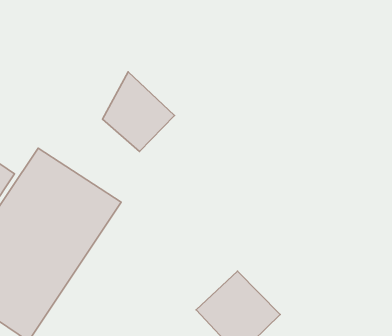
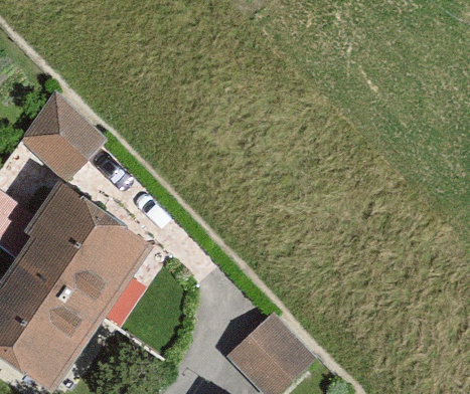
building: [102,72,174,151] -> [24,92,101,177]

